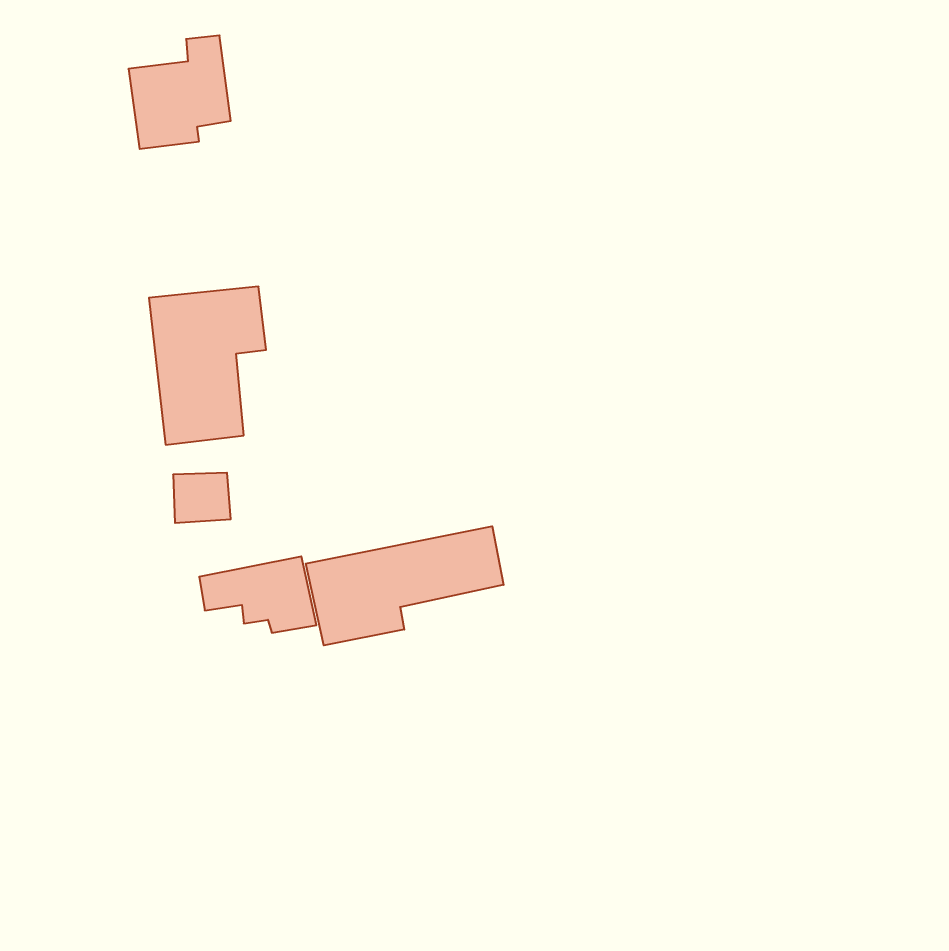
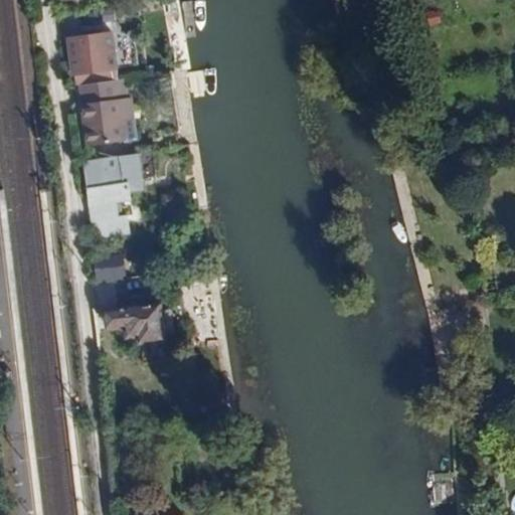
building: none -> [77,80,137,143]
building: [306,526,504,645] -> none

